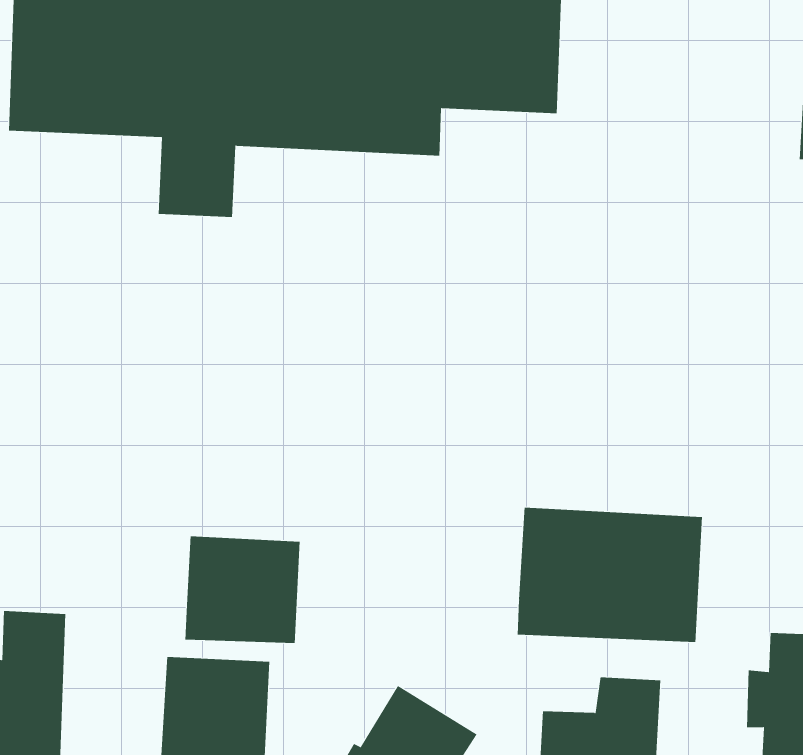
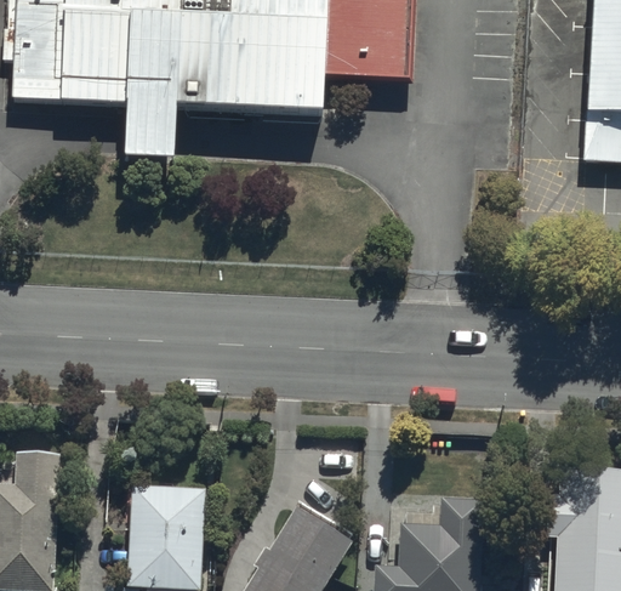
building: [517,507,703,643] -> none
building: [185,536,300,644] -> none

